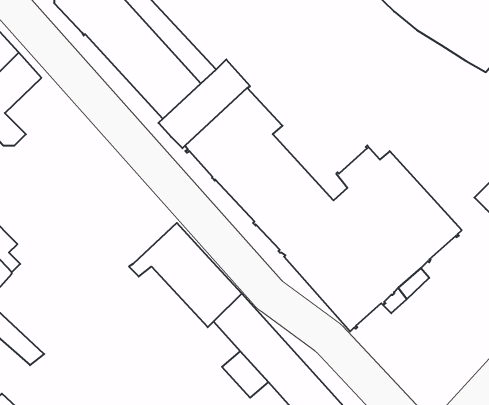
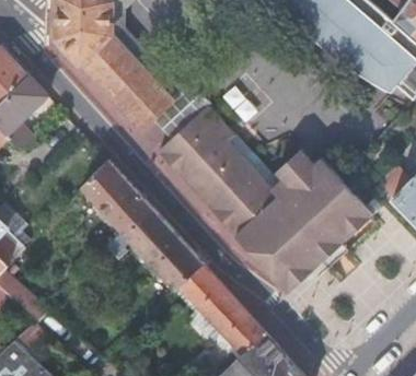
building: none -> [80,161,151,240]

